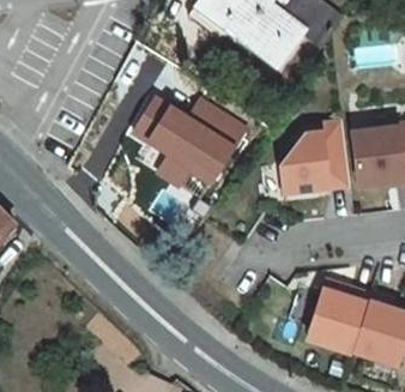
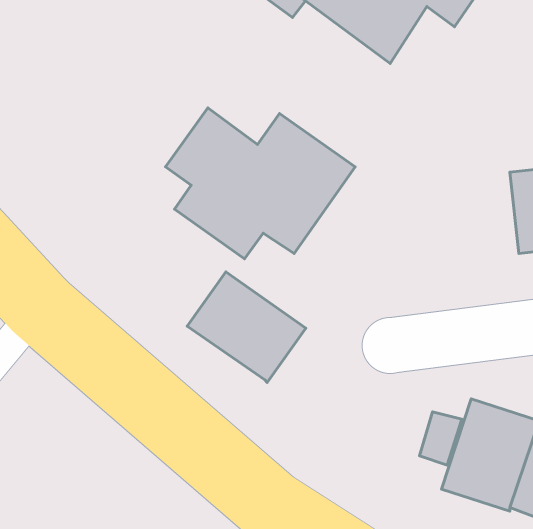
building: [282,120,351,192] -> none
building: none -> [187,272,306,383]

